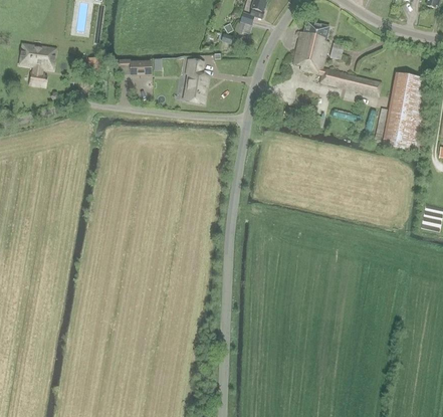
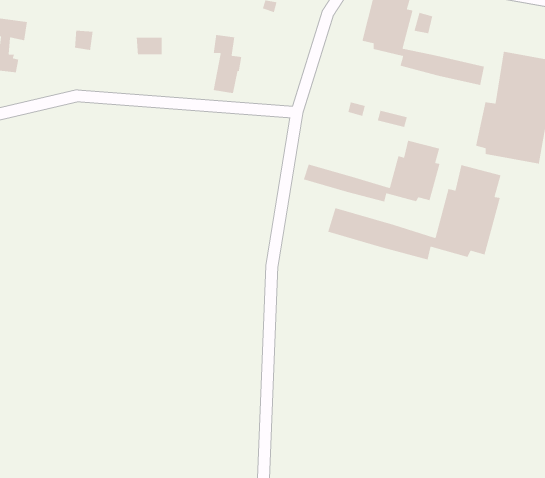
building: none -> [303,140,441,202]
building: none -> [327,164,501,260]

